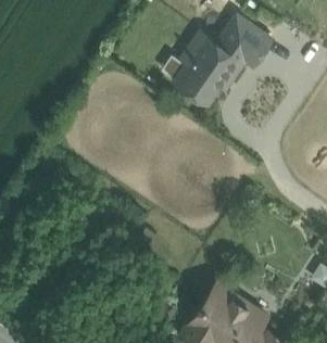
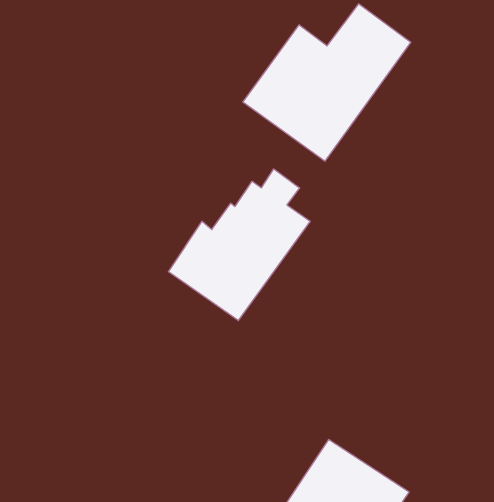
building: none -> [168,169,310,321]

